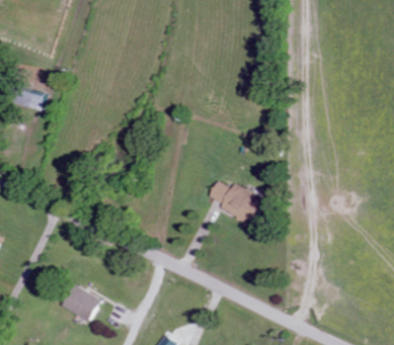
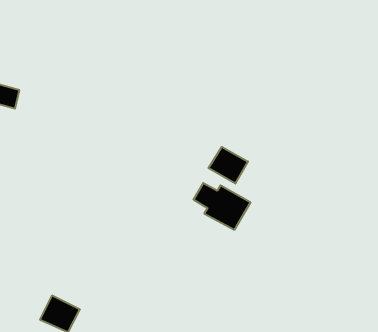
building: none -> [208,147,248,184]

